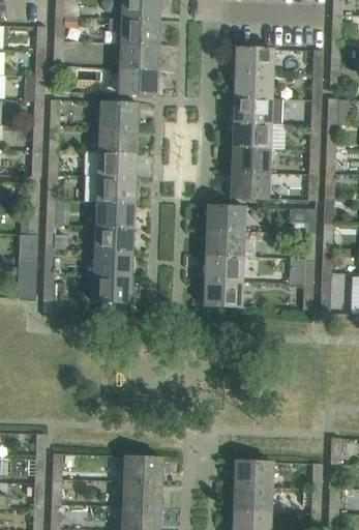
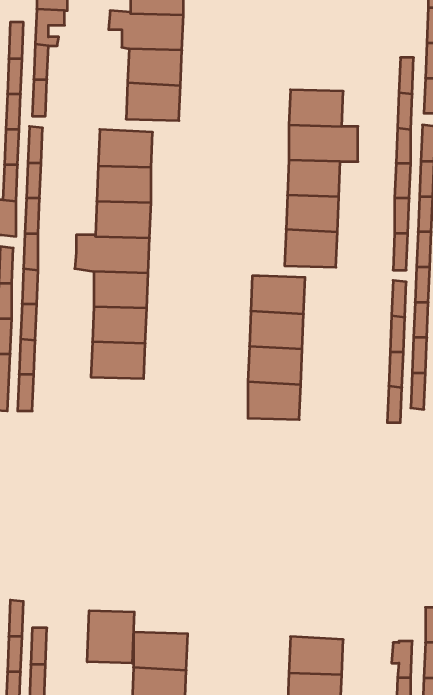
building: [235,47,272,73] -> none
building: [93,275,131,314] -> none
building: none -> [87,611,134,663]

